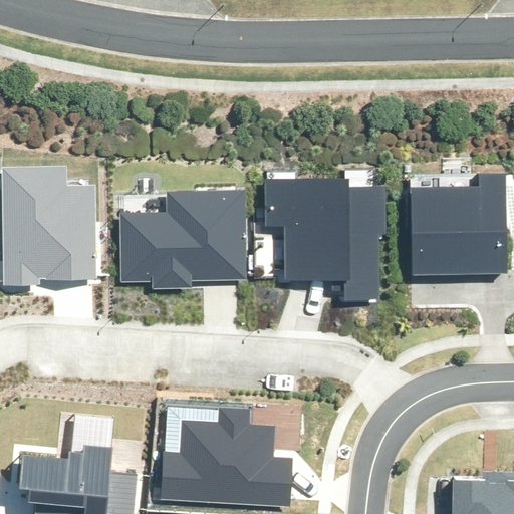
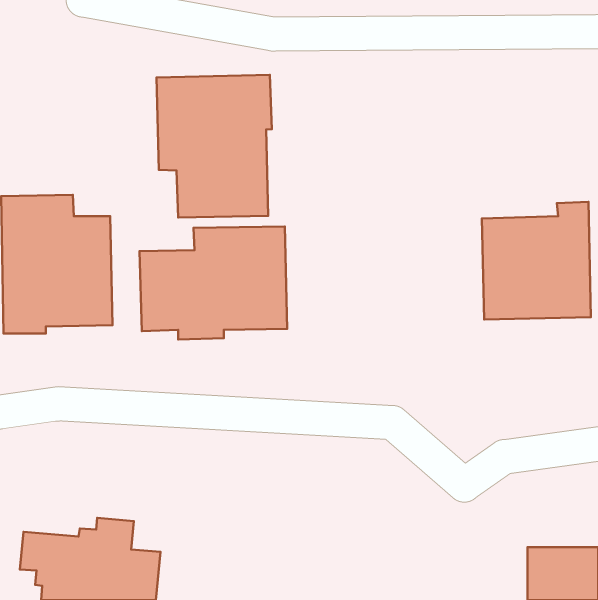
building: none -> [157,75,272,217]
building: [263,177,383,300] -> none
building: [159,409,291,506] -> none

